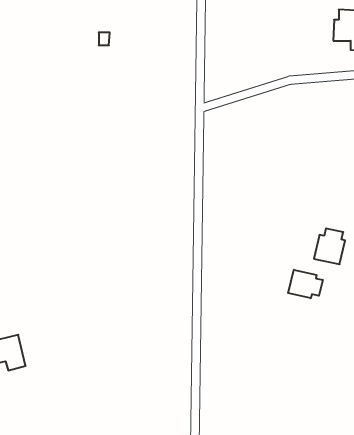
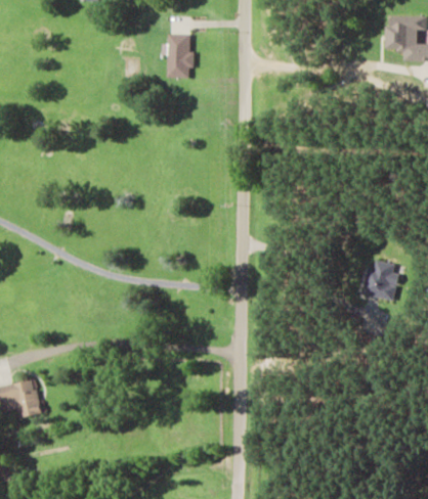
building: none -> [161,34,194,79]
building: [288,270,323,298] -> none

